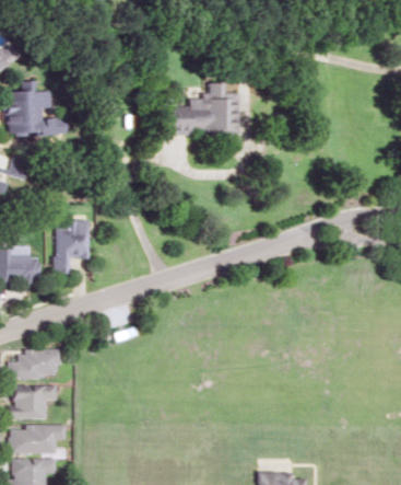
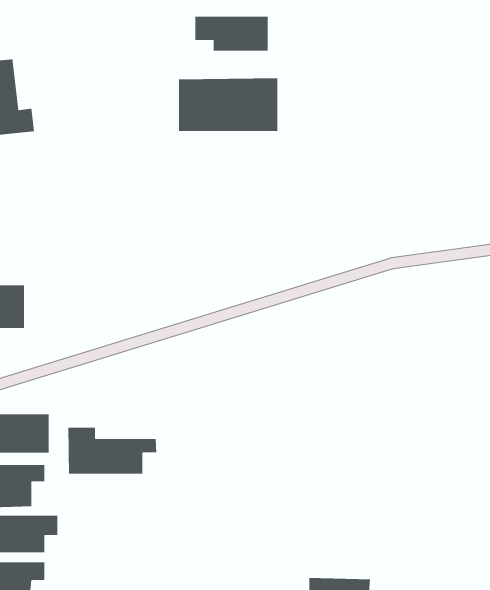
building: none -> [195,16,268,51]
building: [57,221,90,273] -> none
building: none -> [68,427,157,475]

